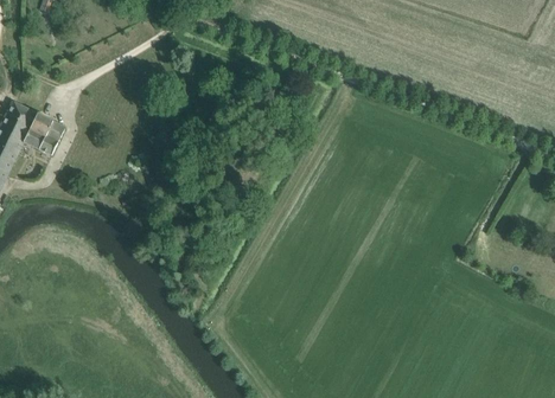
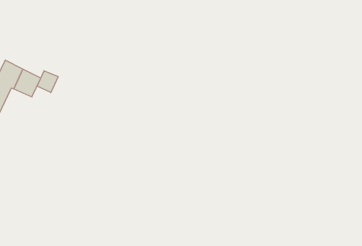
building: none -> [37,71,58,93]

